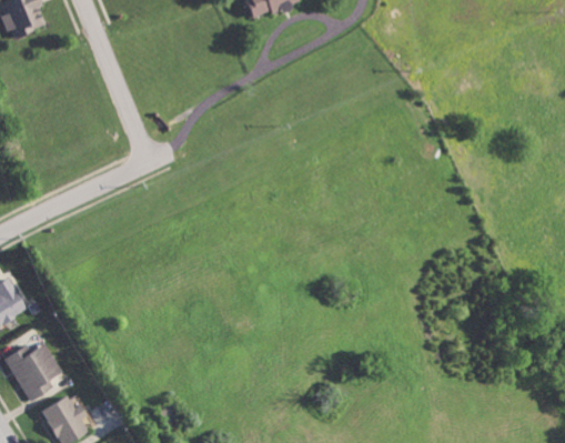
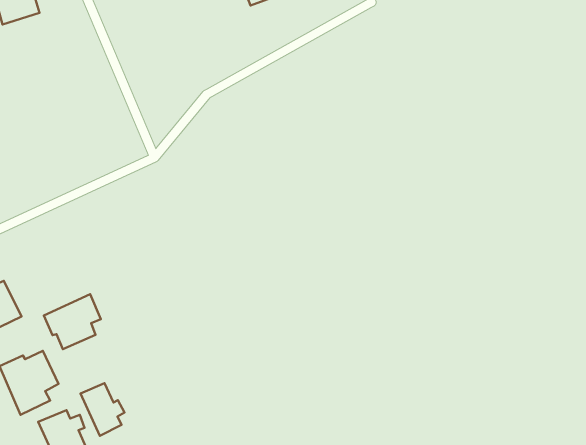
building: none -> [44,294,101,349]
building: none -> [81,383,125,436]

